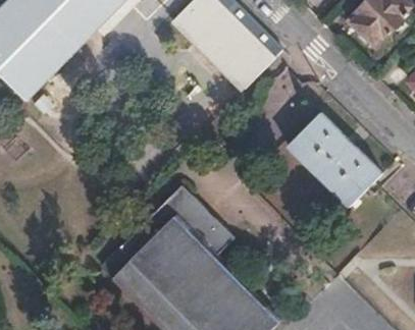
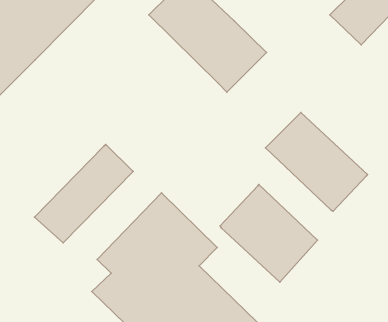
building: none -> [35,145,133,243]
building: none -> [220,185,317,282]

